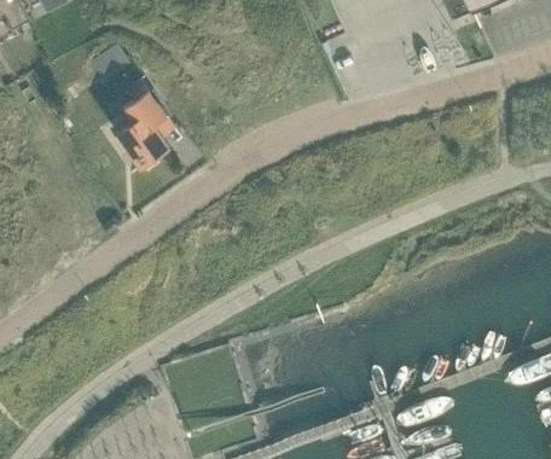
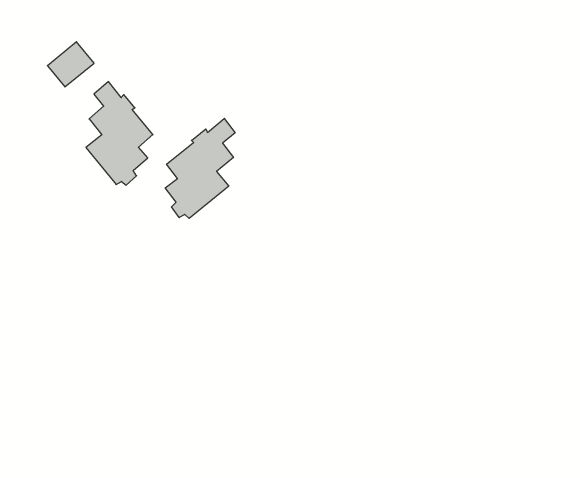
building: none -> [165,118,235,218]

